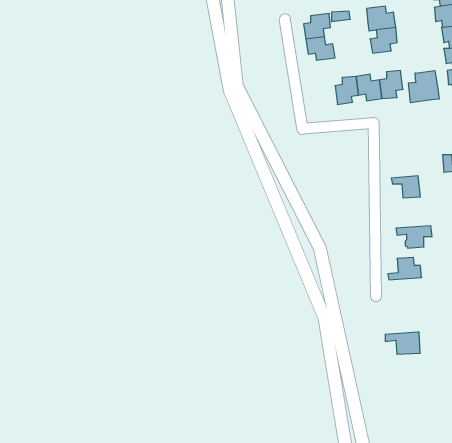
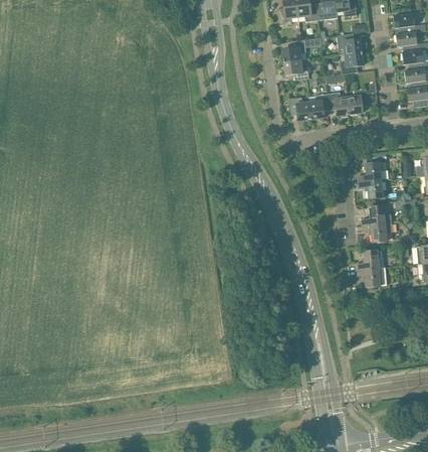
building: [408,71,439,103] -> none
building: none -> [290,97,312,120]
building: none -> [359,161,387,181]
building: none -> [363,204,393,224]
building: [385,332,420,354] -> [357,267,387,286]

